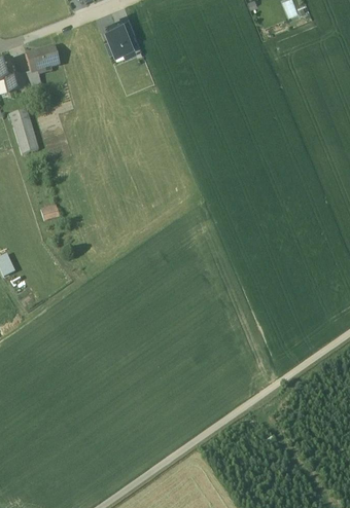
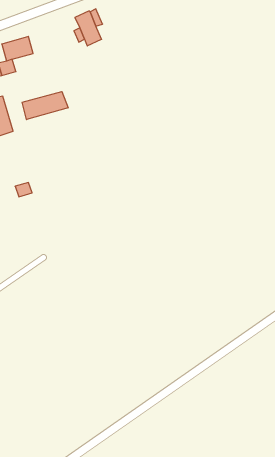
building: none -> [22,92,68,120]

